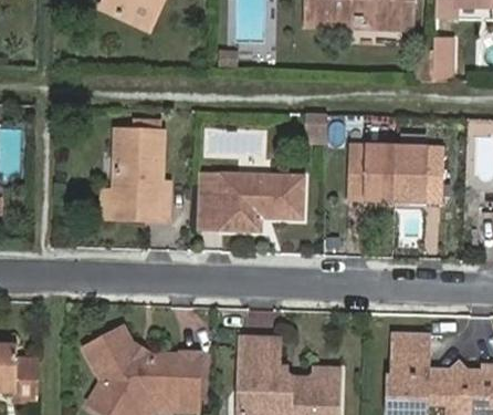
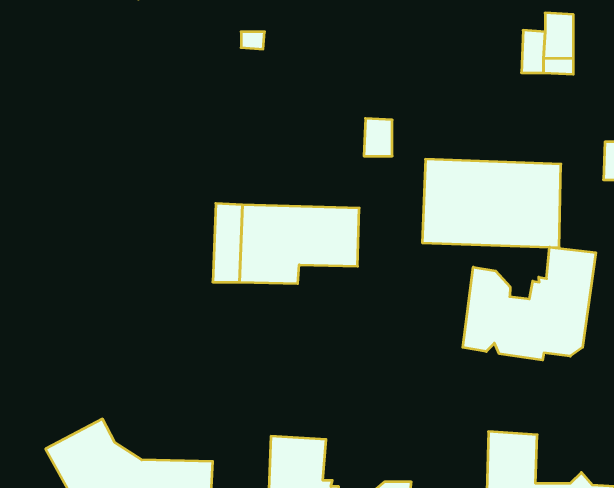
building: [113,131,169,220] -> none
building: none -> [463,247,596,360]

